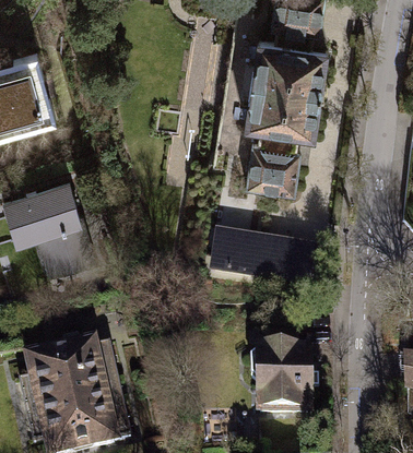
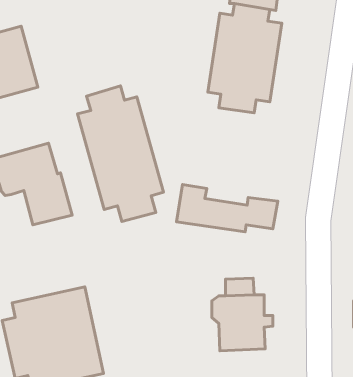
building: none -> [78,86,163,221]
building: [245,141,302,193] -> none

